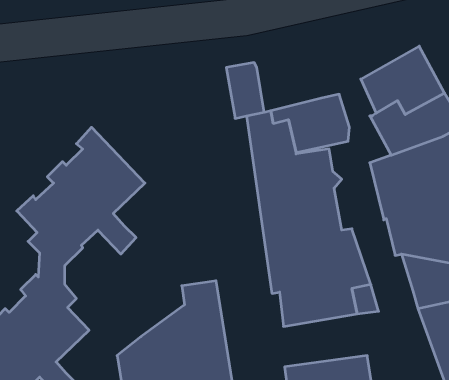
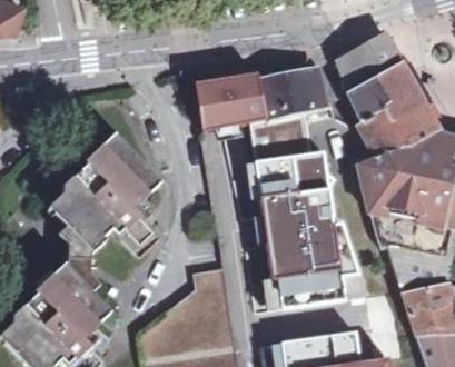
building: none -> [338,32,400,90]
building: none -> [258,66,329,119]
building: none -> [194,80,239,132]

